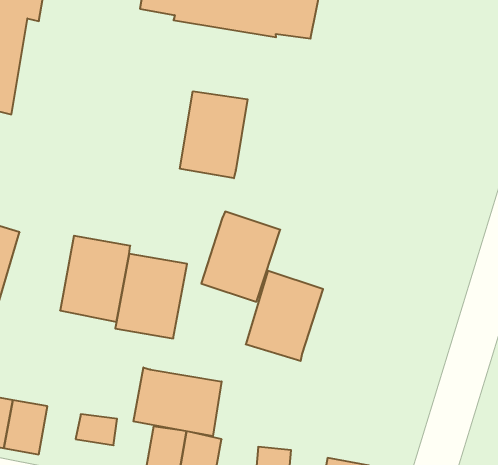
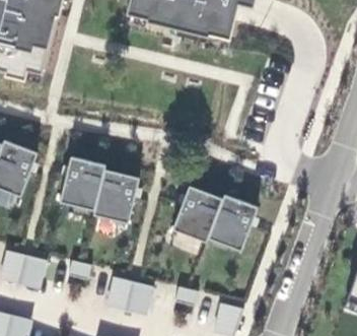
building: [180,91,248,178] -> none
building: [201,212,280,302] -> [209,192,260,249]
building: [133,367,222,436] -> none

